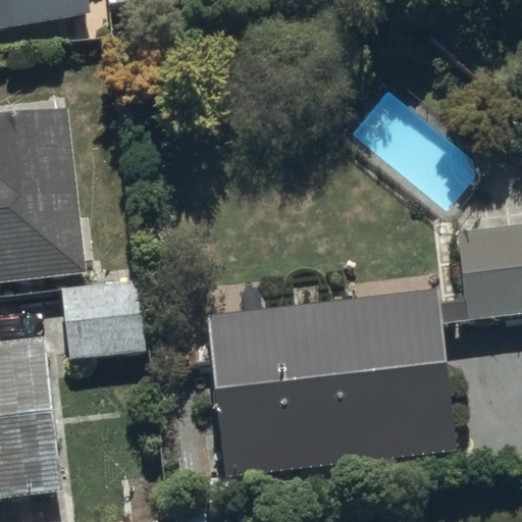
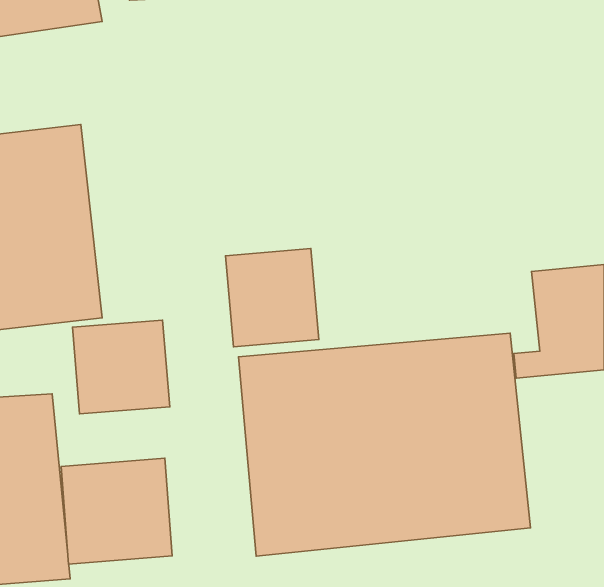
building: none -> [225,248,319,347]
building: none -> [61,458,172,564]

